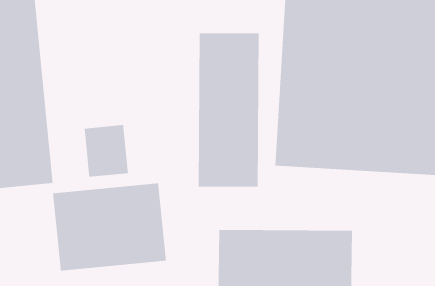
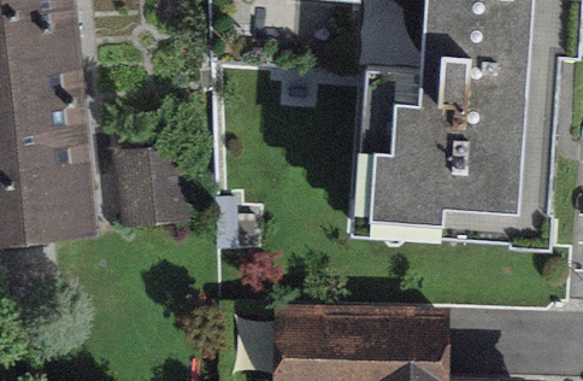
building: [198,33,260,188] -> none
building: [52,183,167,271] -> none

